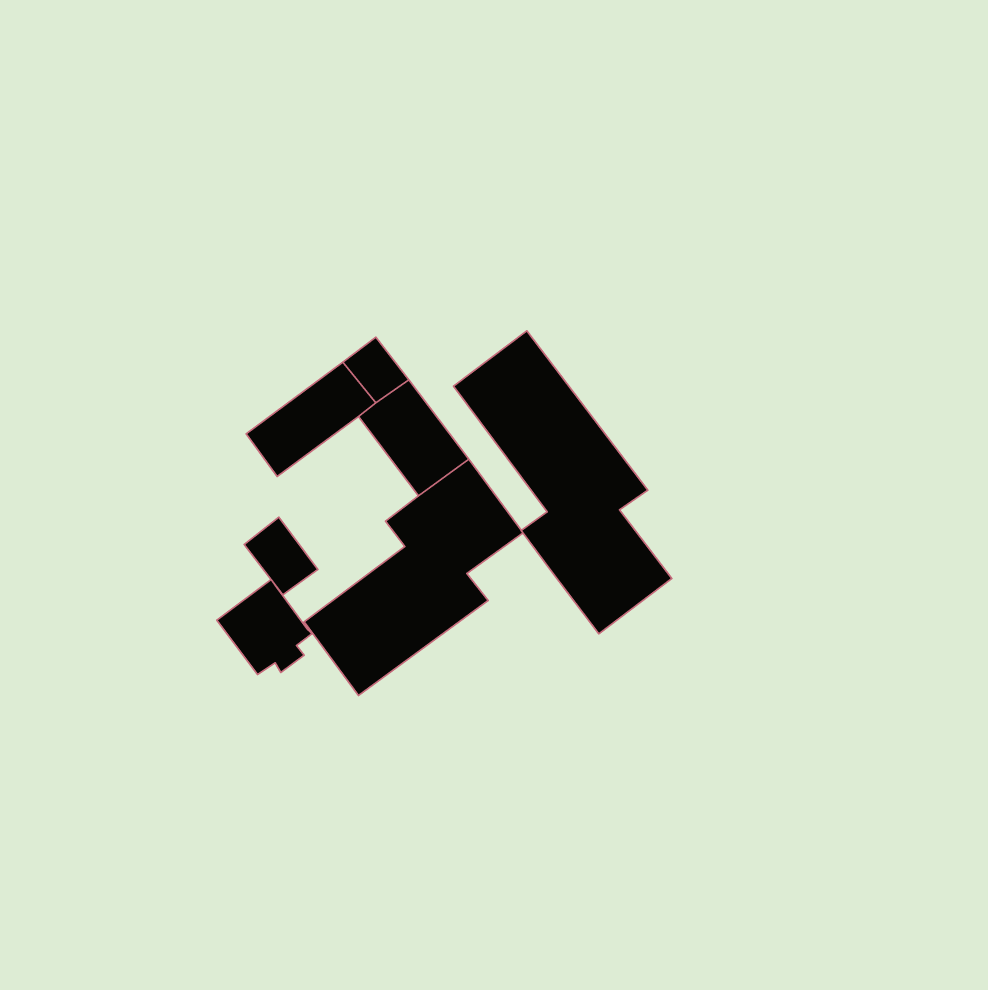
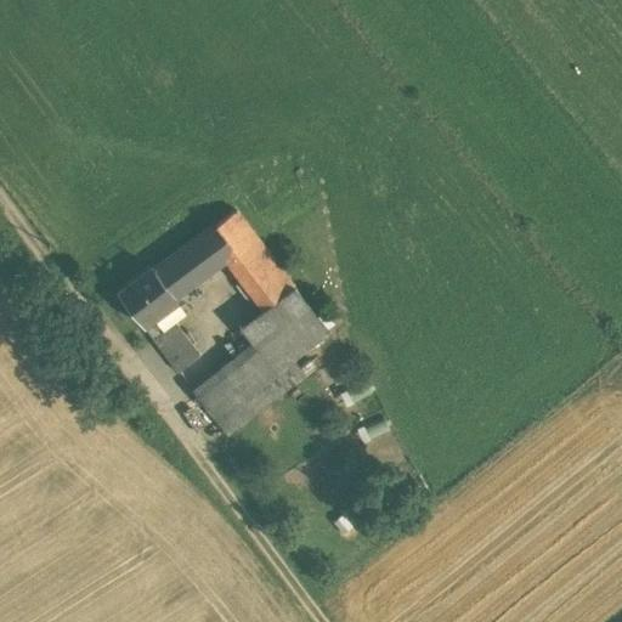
building: [454,331,672,634] -> none
building: [217,580,312,675] -> [117,267,176,327]

